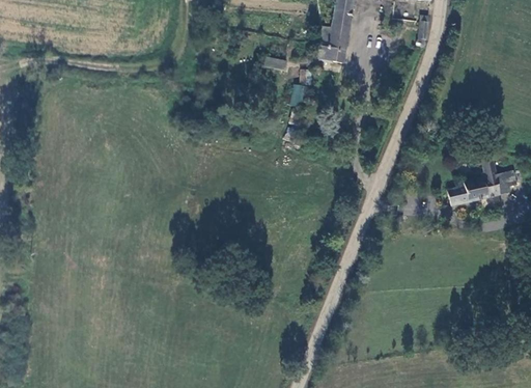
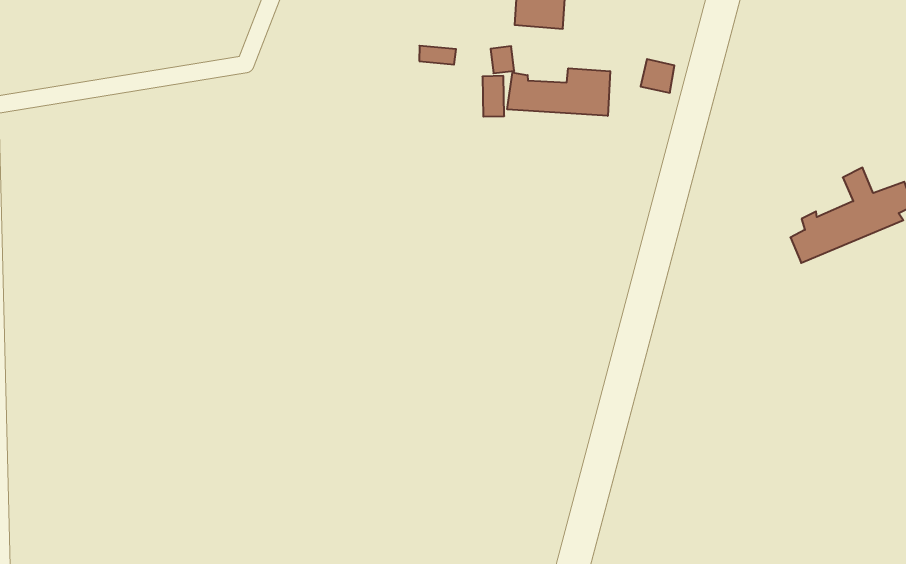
building: none -> [507,68,610,116]

